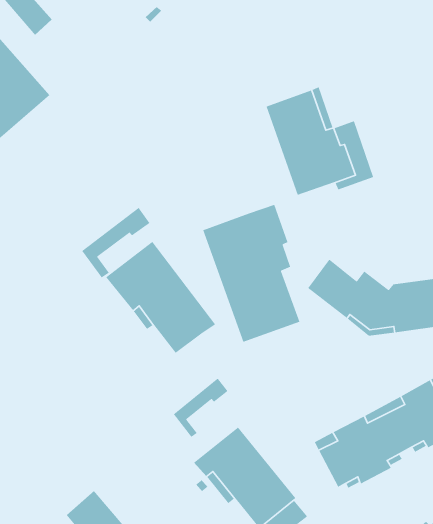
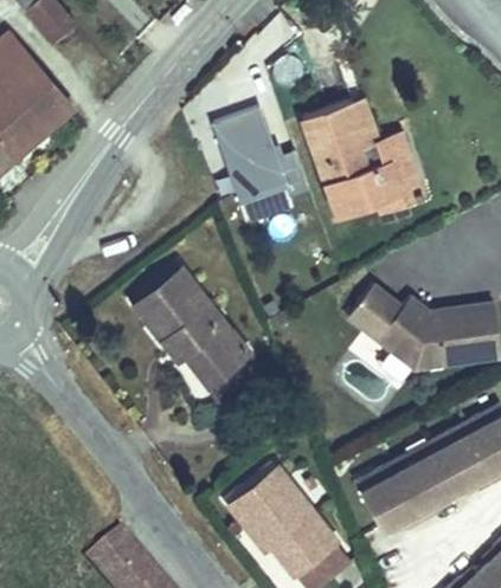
building: none -> [212,108,307,203]
building: [202,204,300,343] -> none
building: [81,207,150,279] -> none
building: [173,378,228,438] -> none

